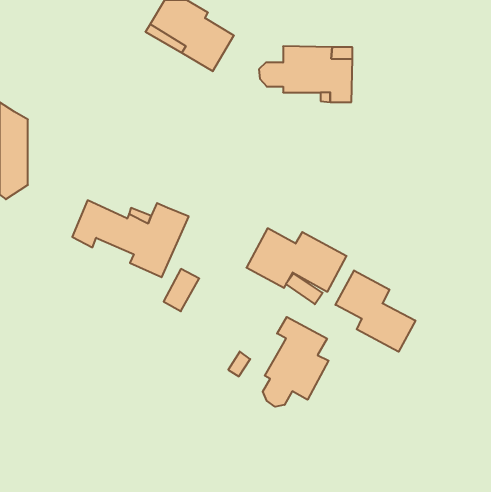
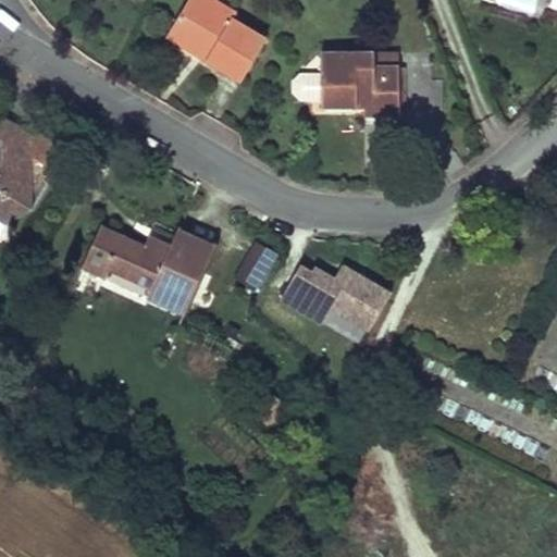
building: [164,269,199,311] -> [237,242,277,289]
building: [335,270,415,352] -> none
building: [263,317,329,407] -> none

